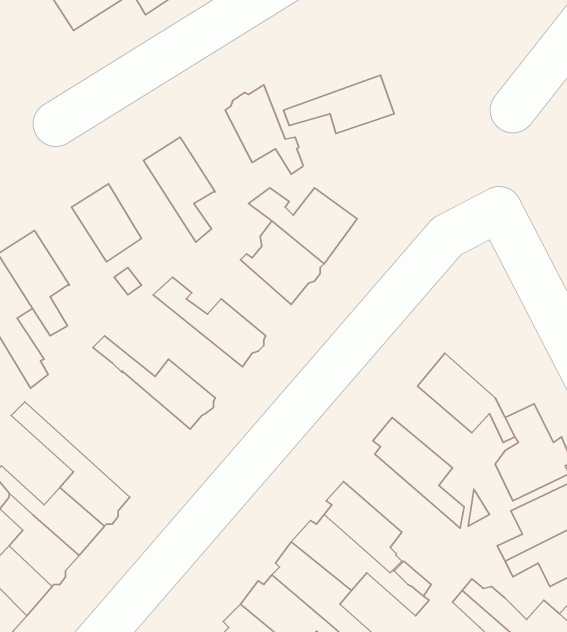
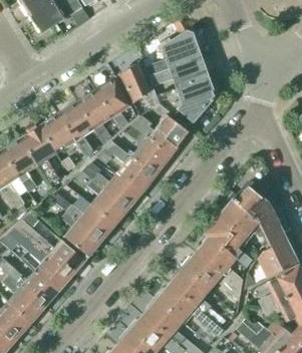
building: none -> [146,32,200,75]
building: none -> [96,77,131,128]
building: none -> [157,77,214,120]
building: none -> [59,101,95,157]
building: none -> [21,124,61,186]
building: none -> [107,142,154,192]
building: none -> [74,170,128,224]
building: none -> [233,182,279,234]
building: none -> [61,211,101,256]
building: none -> [206,218,252,268]
building: none -> [16,220,84,275]
building: none -> [181,253,241,300]

